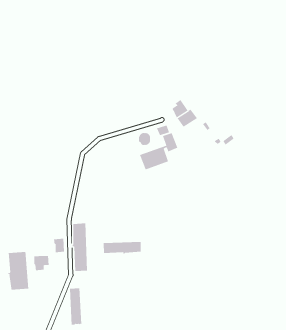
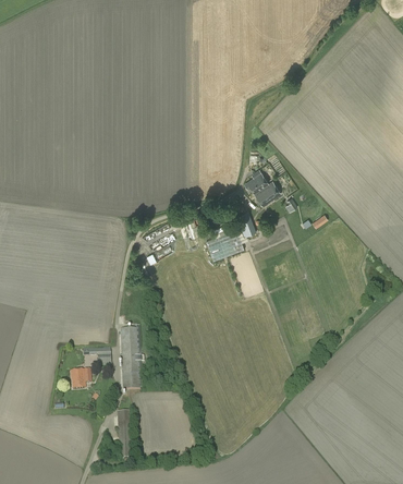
building: [103,241,141,254] -> none
building: [7,251,29,290] -> none

